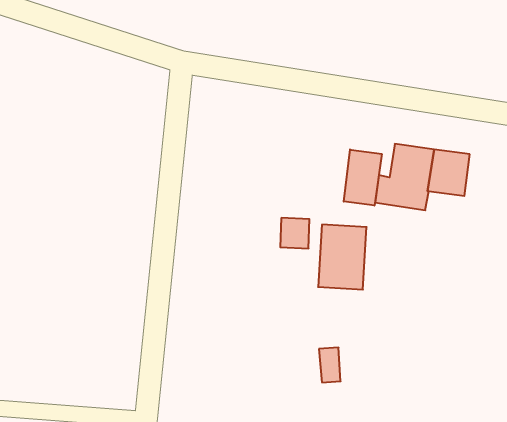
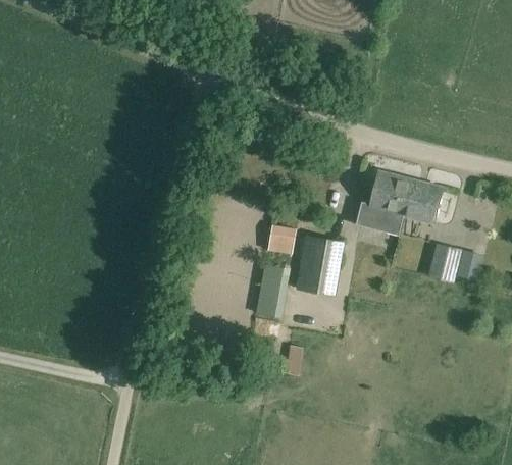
building: [344,149,382,206] -> none
building: none -> [428,244,462,283]
building: none -> [255,264,291,318]

